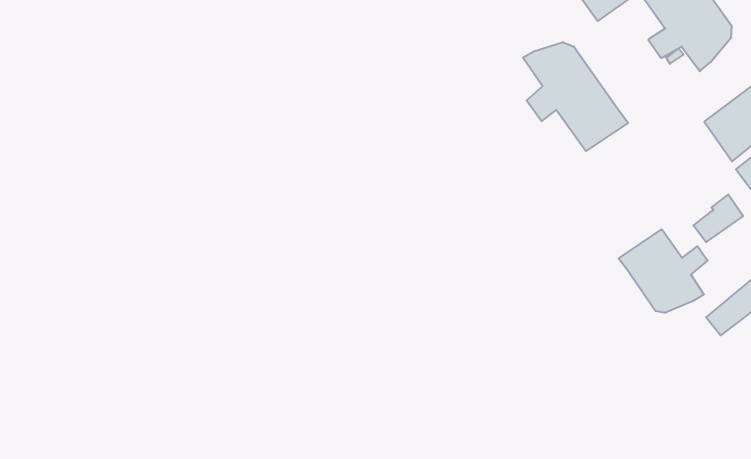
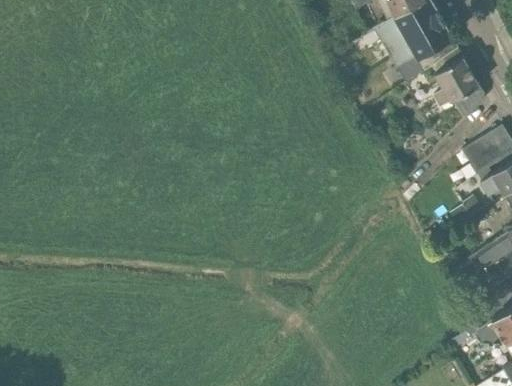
building: [523,42,628,151] -> none
building: [619,229,708,313] -> none

